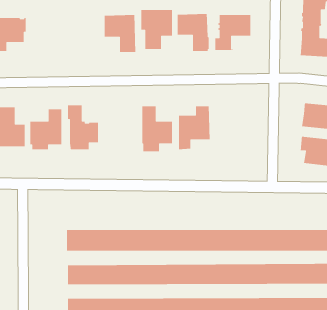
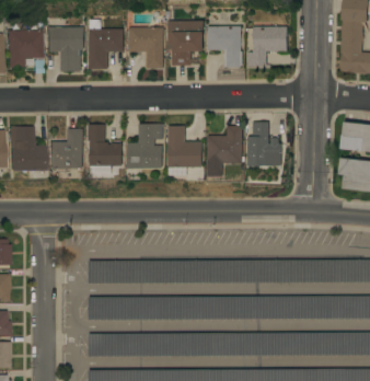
building: none -> [88,19,123,69]
building: none -> [48,26,83,70]
building: none -> [247,122,282,165]
building: none -> [128,123,163,168]

